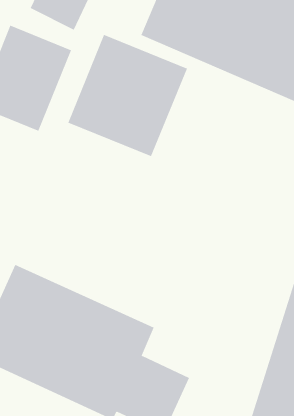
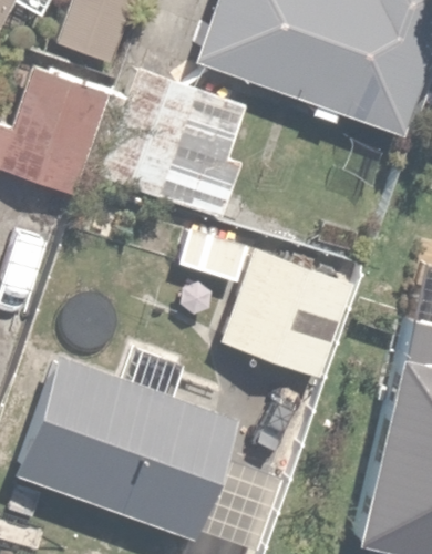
building: none -> [181,224,353,378]

